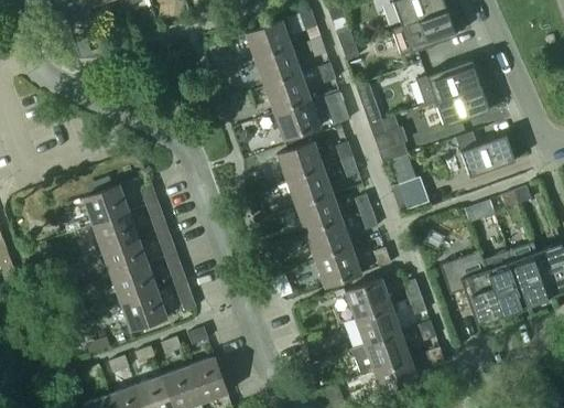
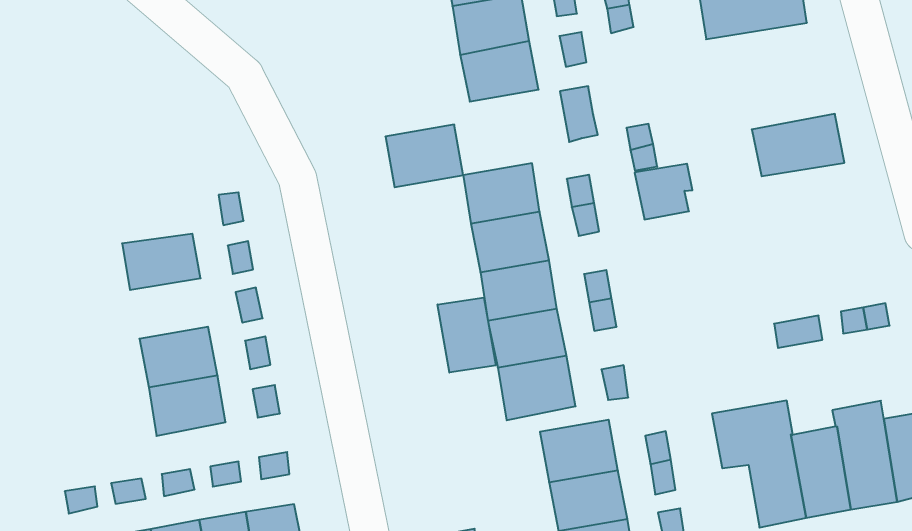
building: [426,60,480,101] -> none
building: [274,99,322,140] -> [385,125,463,187]
building: [456,131,516,176] -> none
building: [398,176,429,208] -> none
building: [83,184,131,225] -> none
building: none -> [438,297,496,373]
building: [101,237,149,277] -> none

